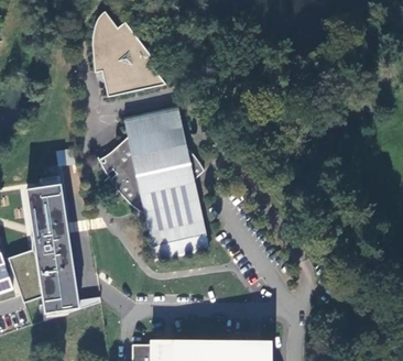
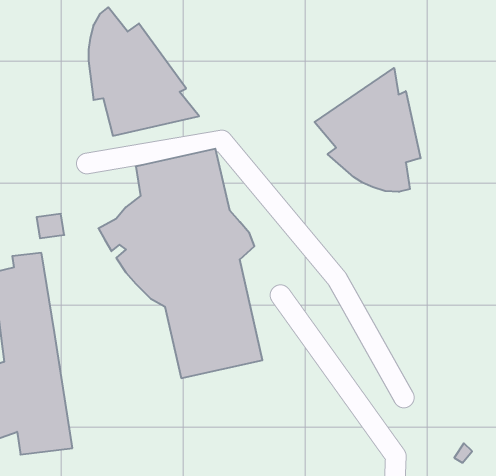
building: none -> [315,68,421,192]

